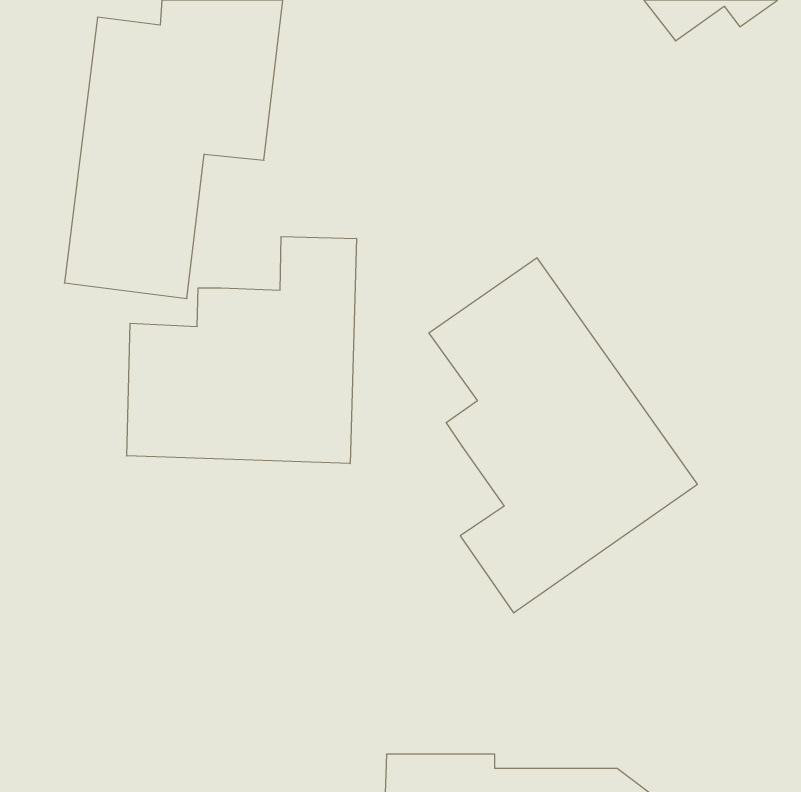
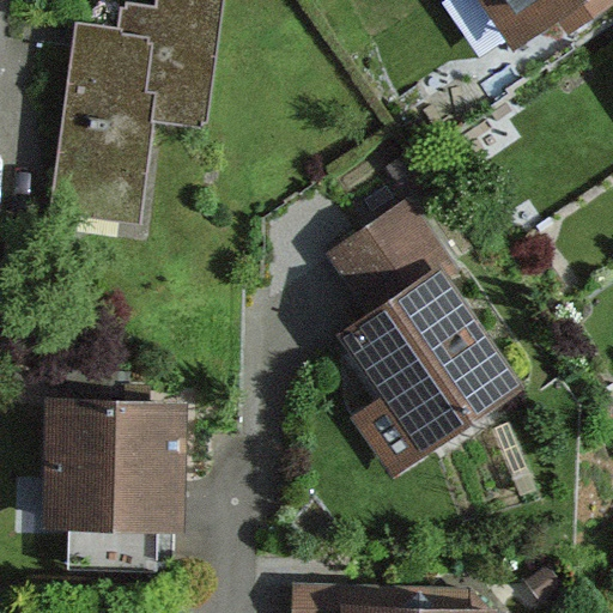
building: [127,237,357,464] -> none
building: none -> [41,393,186,569]

